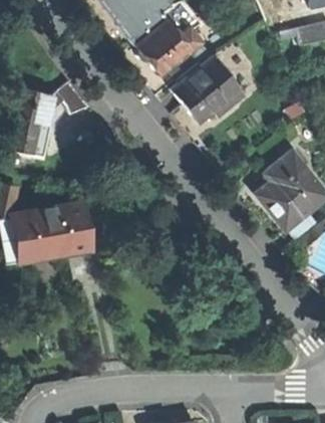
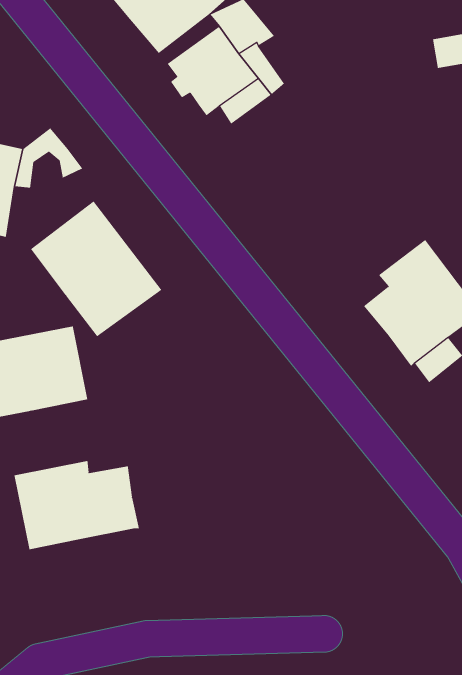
building: [174,56,244,121] -> none
building: none -> [30,201,162,337]
building: none -> [14,460,139,550]

